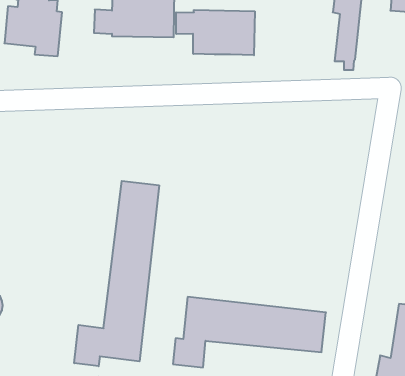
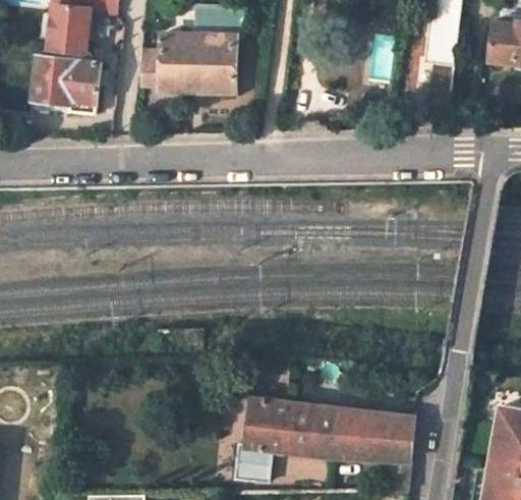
building: [176,10,255,55] -> none
building: [74,181,159,366] -> none

